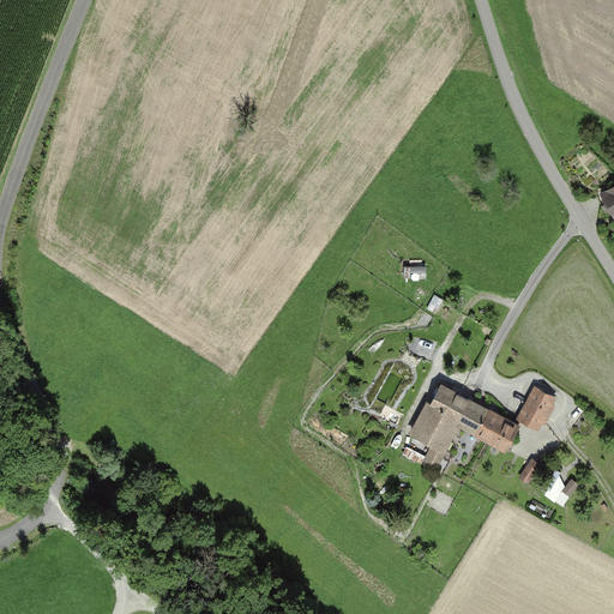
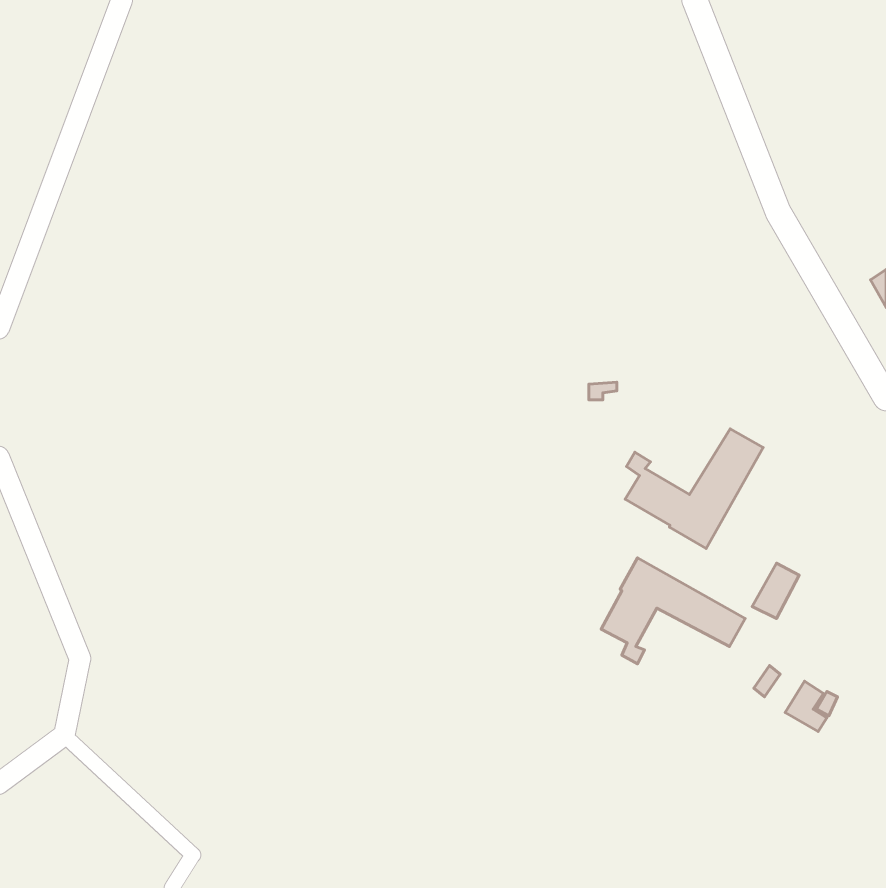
building: none -> [625,429,763,548]

